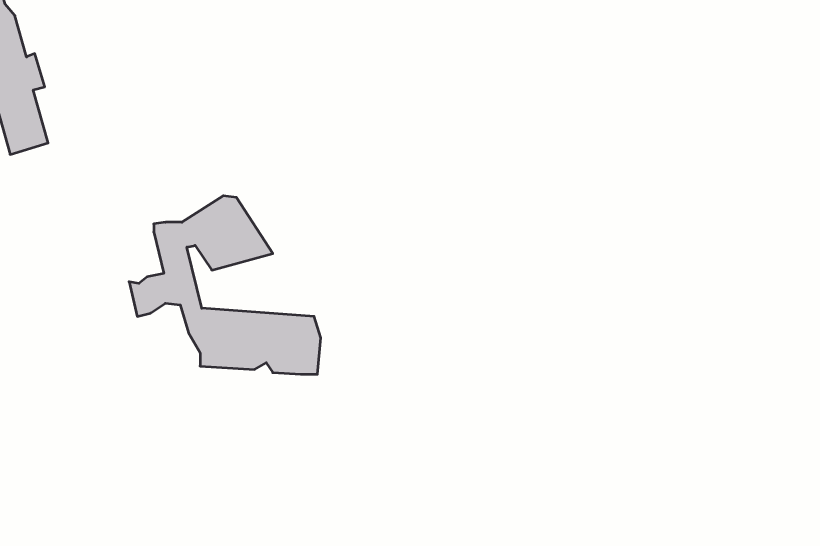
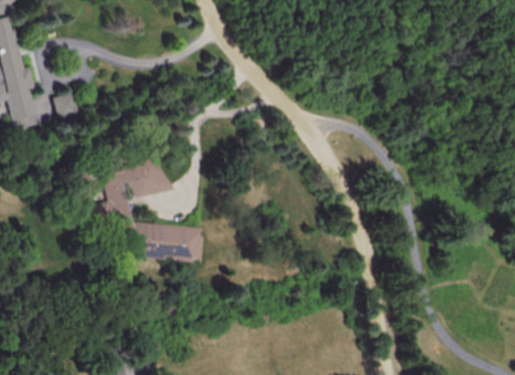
building: none -> [52,92,76,118]

